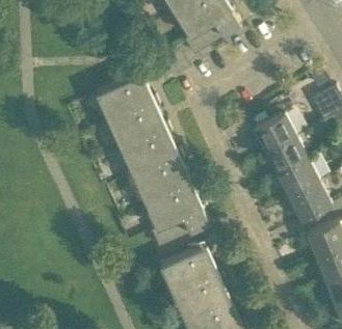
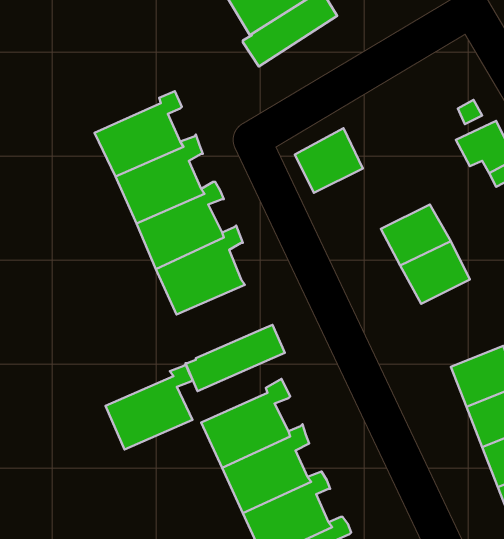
building: [252,104,292,142] -> [295,128,363,193]
building: [141,168,193,219] -> [105,364,193,450]
building: [287,172,327,210] -> none

